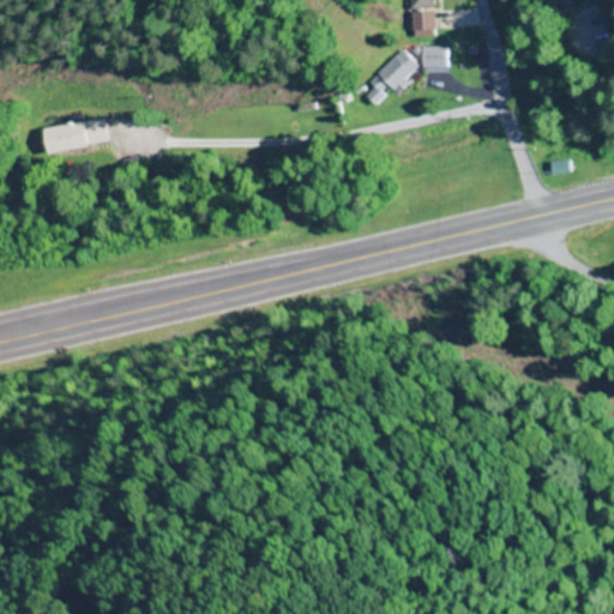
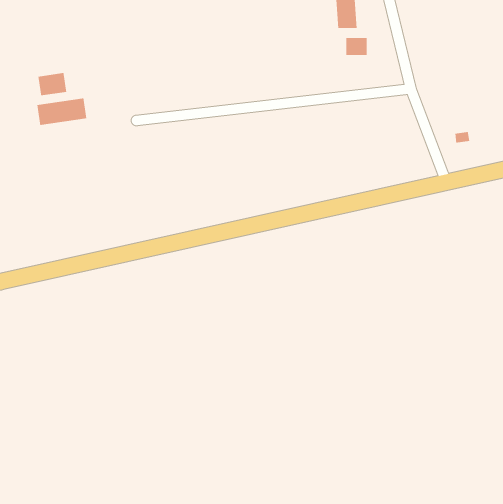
building: [362,56,413,103] -> none
building: none -> [38,72,67,96]

